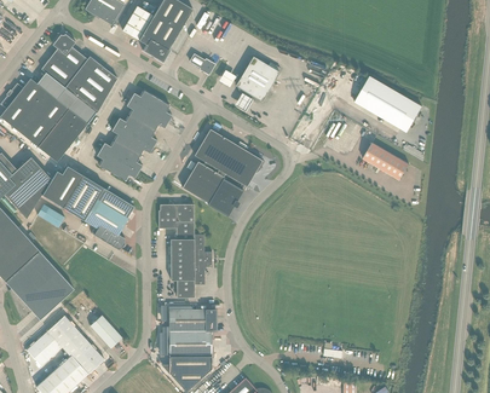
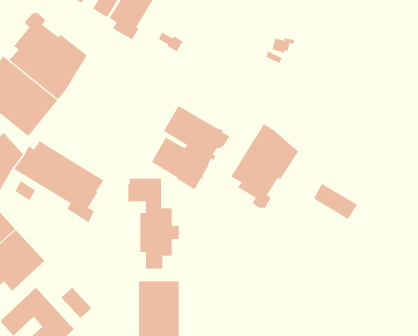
building: [237,56,279,99] -> none
building: [354,75,422,132] -> none
building: [97,89,172,180] -> none
building: [363,141,409,179] -> [313,183,358,220]
building: none -> [231,123,299,209]

